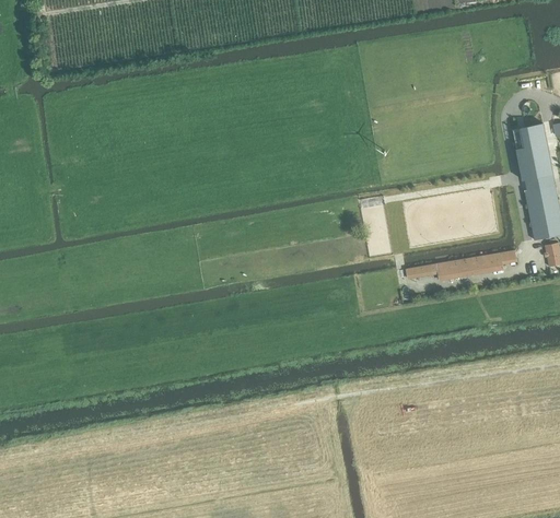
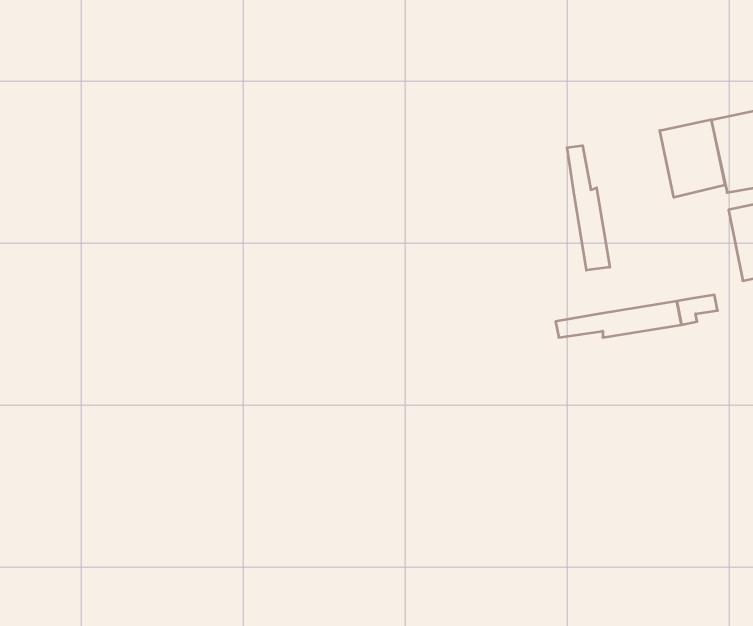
building: none -> [660,120,725,197]
building: none -> [567,146,610,270]

